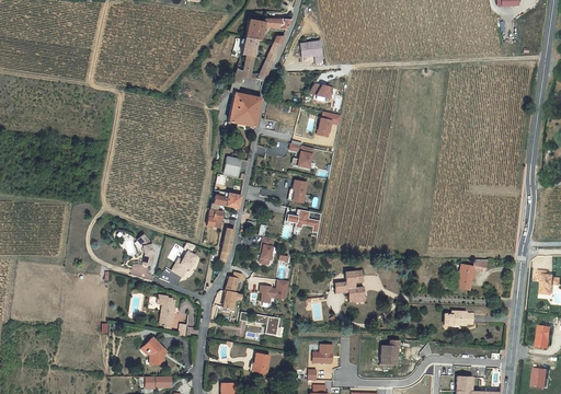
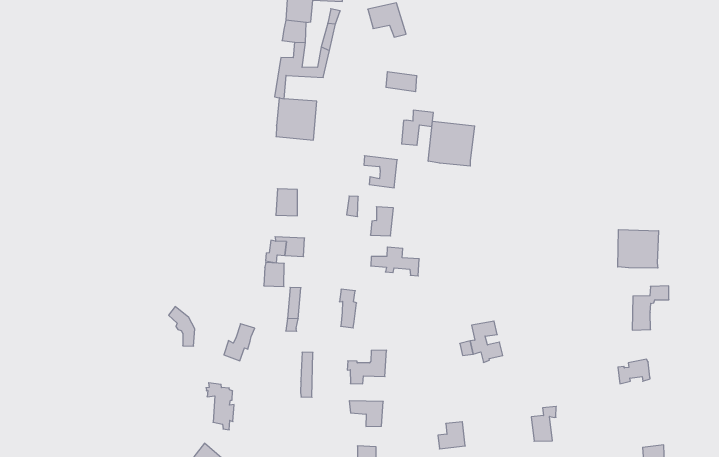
building: none -> [428,121,475,166]
building: none -> [618,230,659,268]

